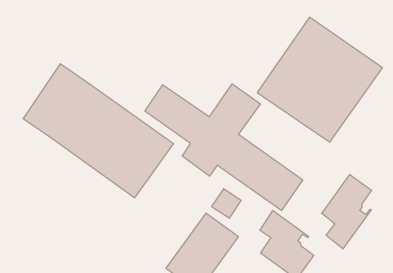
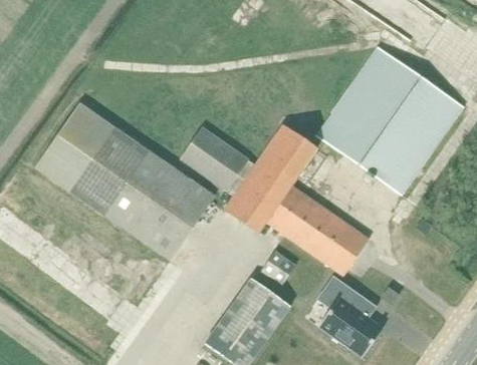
building: [322,174,372,249] -> none

